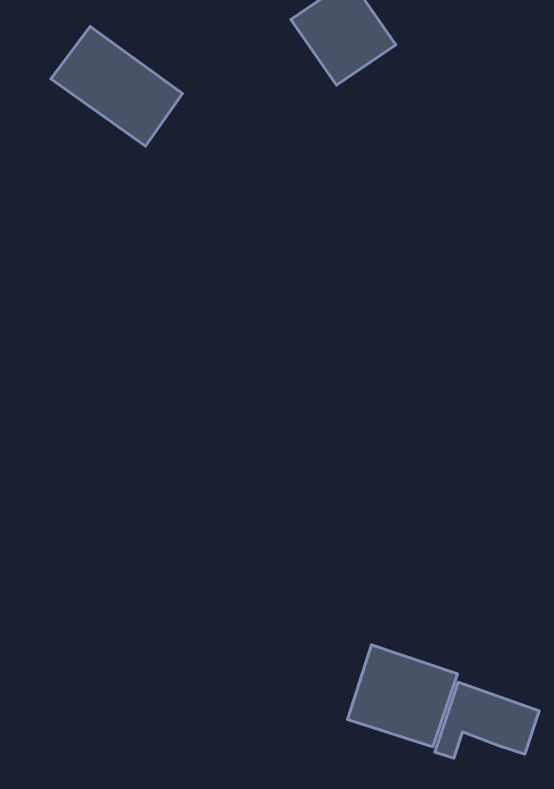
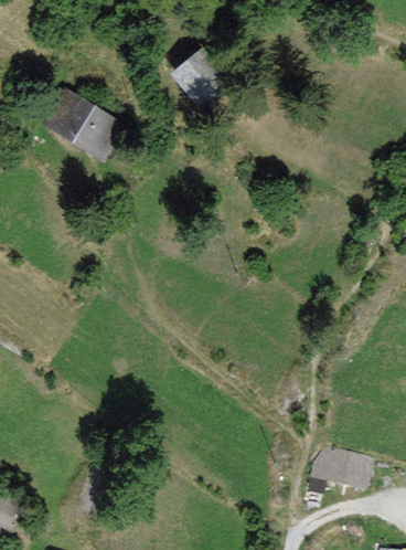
building: [347,645,457,747] -> none

